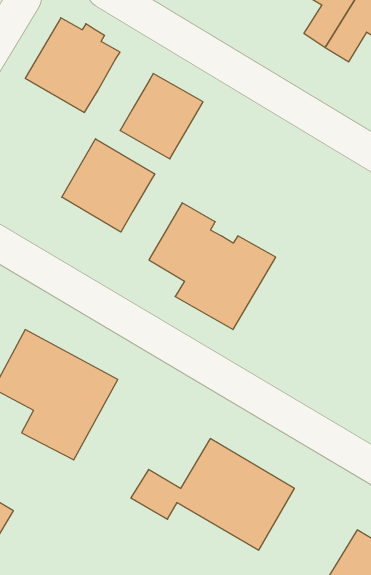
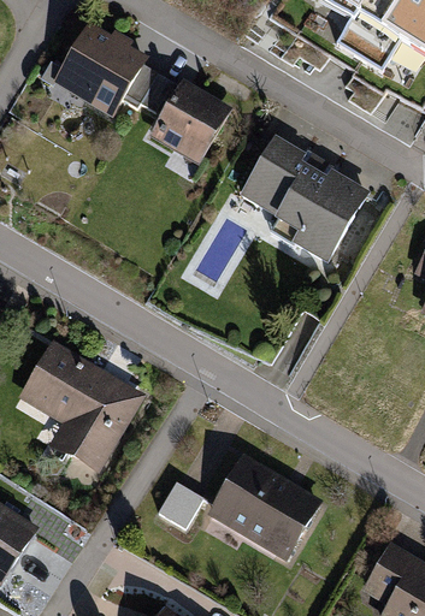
building: none -> [124,65,177,117]
building: [62,139,155,232] -> none
building: [149,203,276,330] -> [238,136,367,265]

